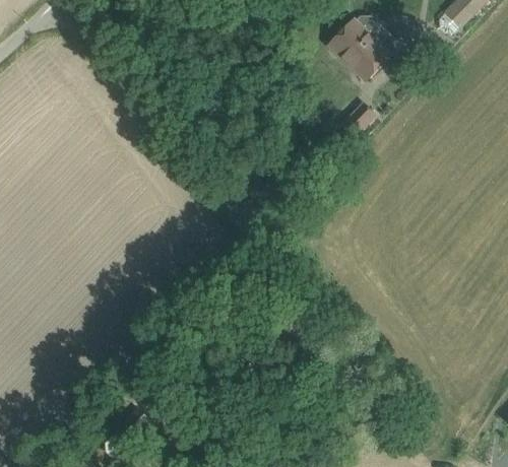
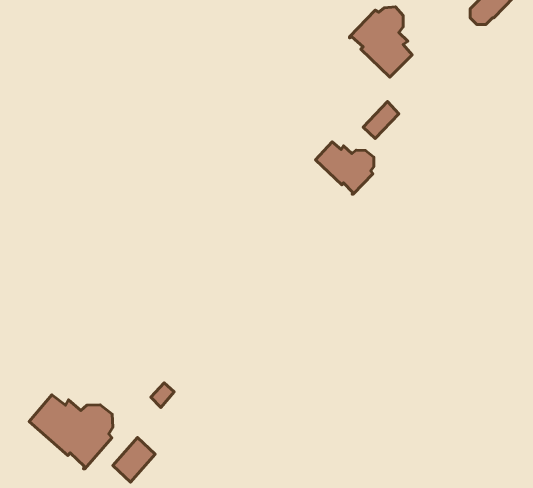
building: none -> [316,142,374,194]
building: none -> [29,395,113,469]

